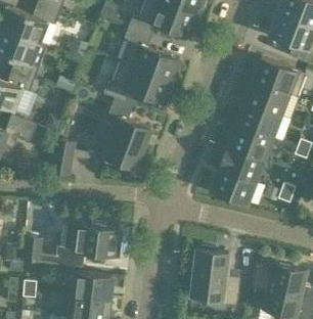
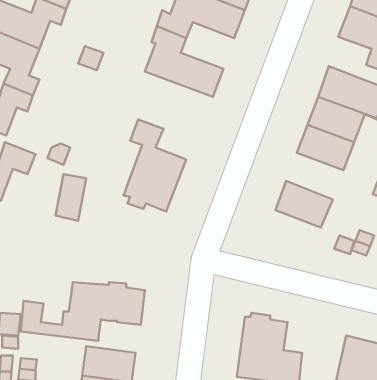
building: [103,61,172,102] -> none
building: [228,124,272,160] -> none
building: [211,168,255,203] -> none

